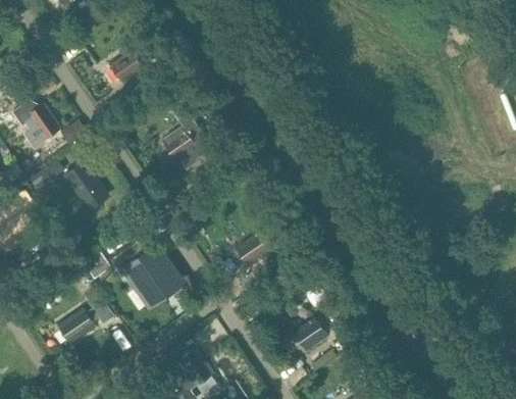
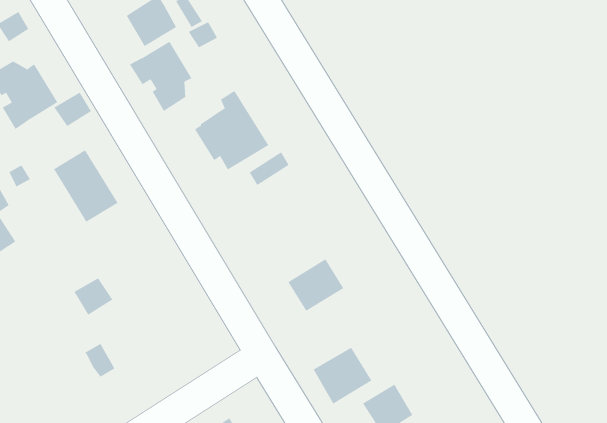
building: none -> [129,41,192,112]
building: [111,240,178,304] -> none
building: none -> [313,347,372,404]
building: [55,308,97,348] -> none

